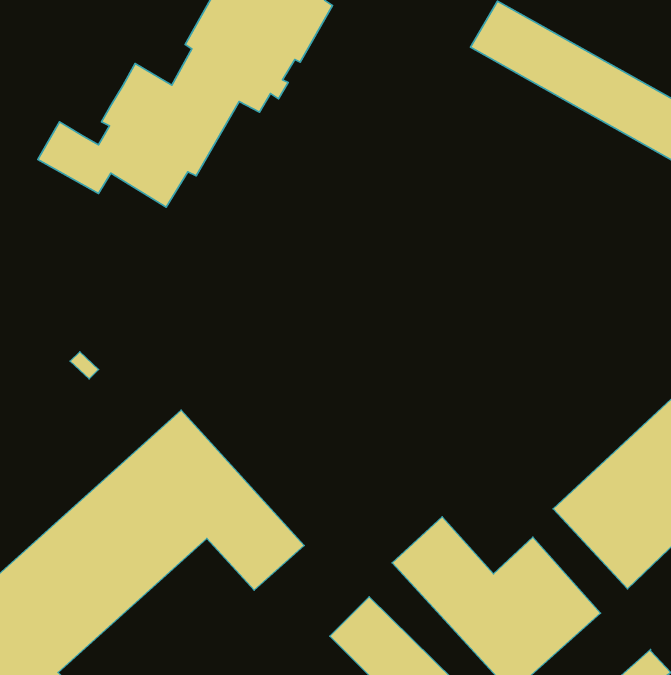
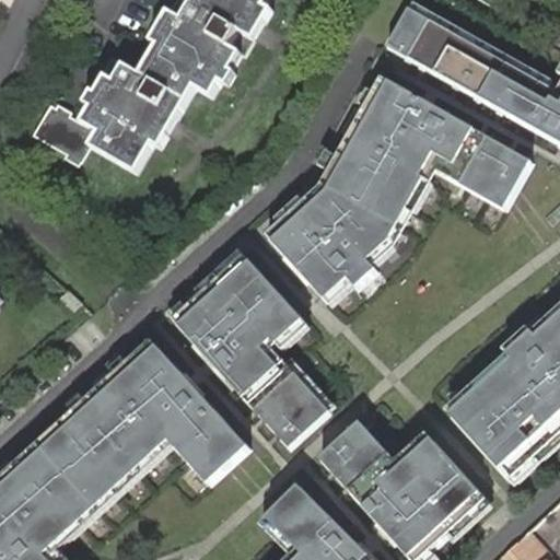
building: none -> [265,75,530,298]
building: none -> [171,252,326,444]

